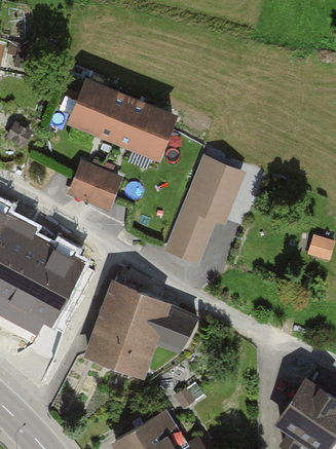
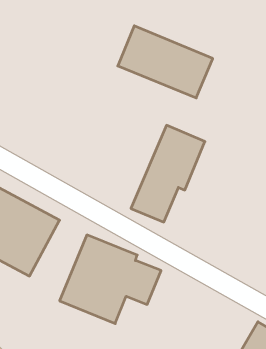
building: [71,80,178,161] -> [118,26,213,98]
building: [68,161,122,210] -> none

